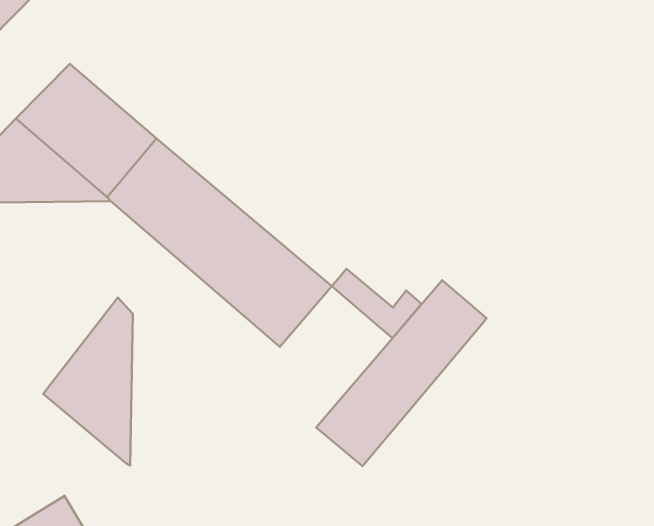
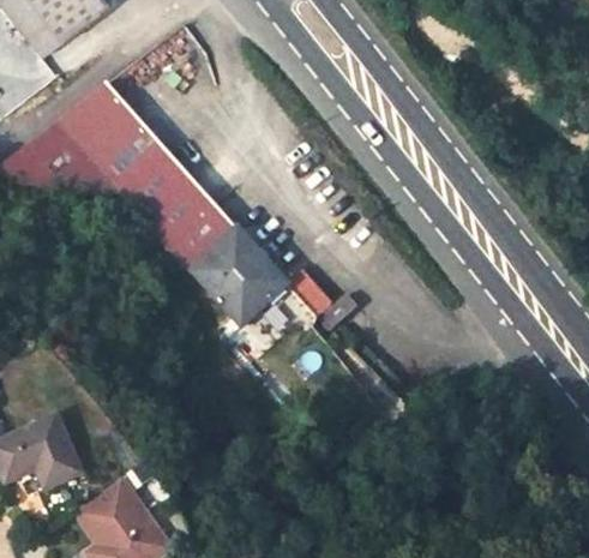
building: [316,280,486,466] -> none
building: [43,297,133,466] -> none

